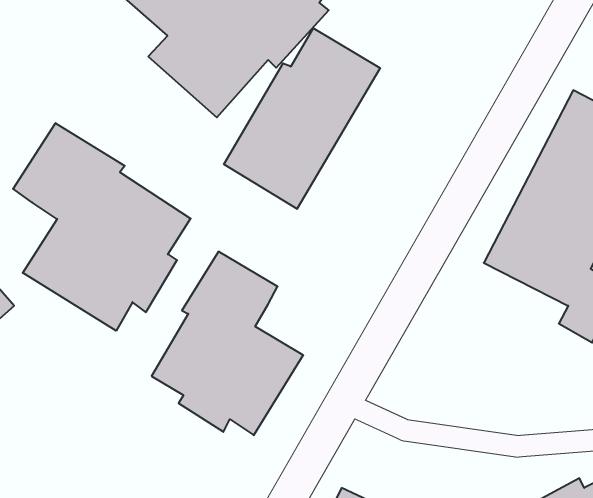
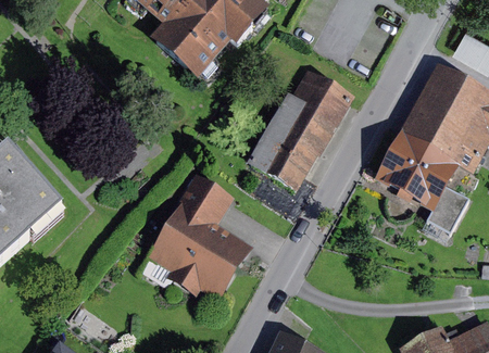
building: [224,28,380,209] -> [247,68,353,191]
building: [13,123,191,331] -> none

